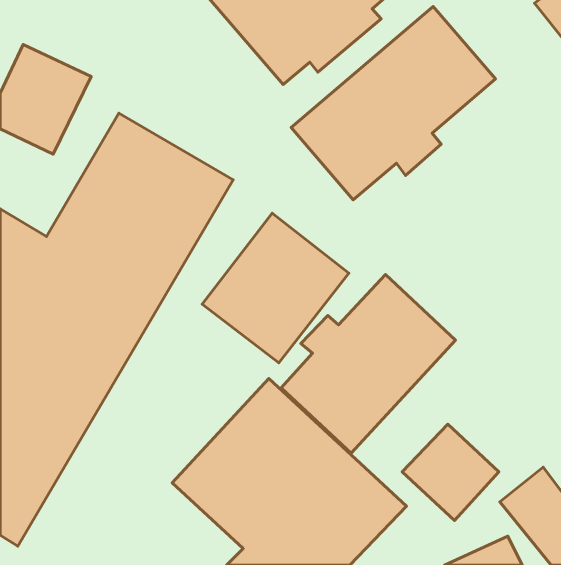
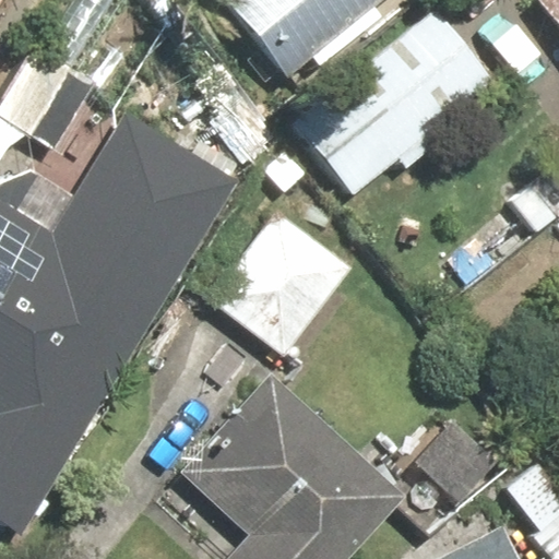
building: [281,275,456,453] -> none

